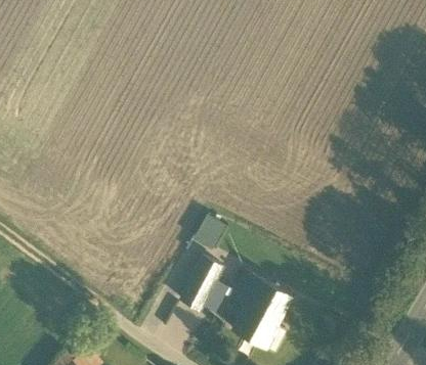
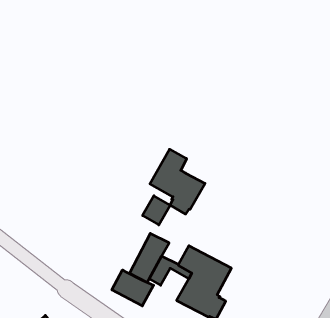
building: none -> [150,149,205,214]
building: none -> [112,270,154,306]

